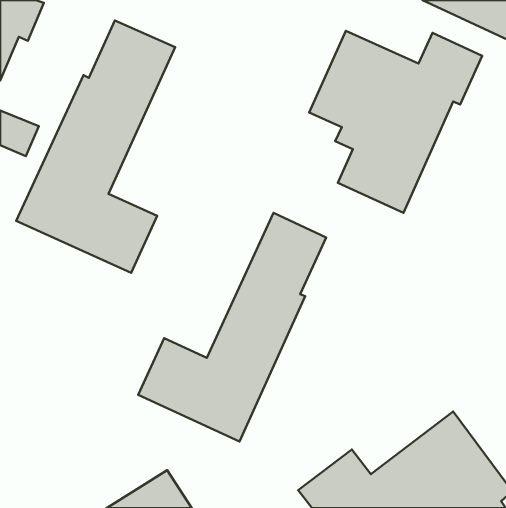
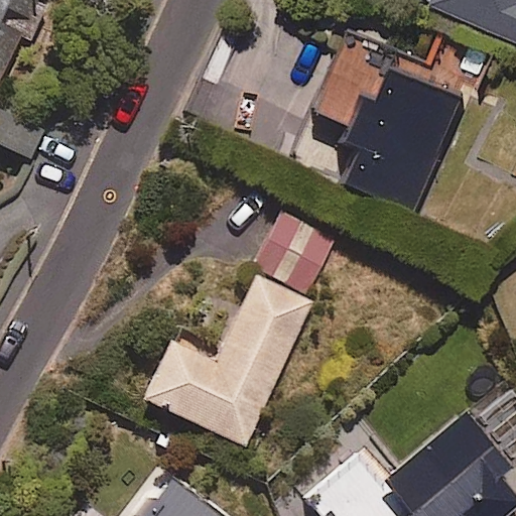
building: [16,21,175,273] -> none

